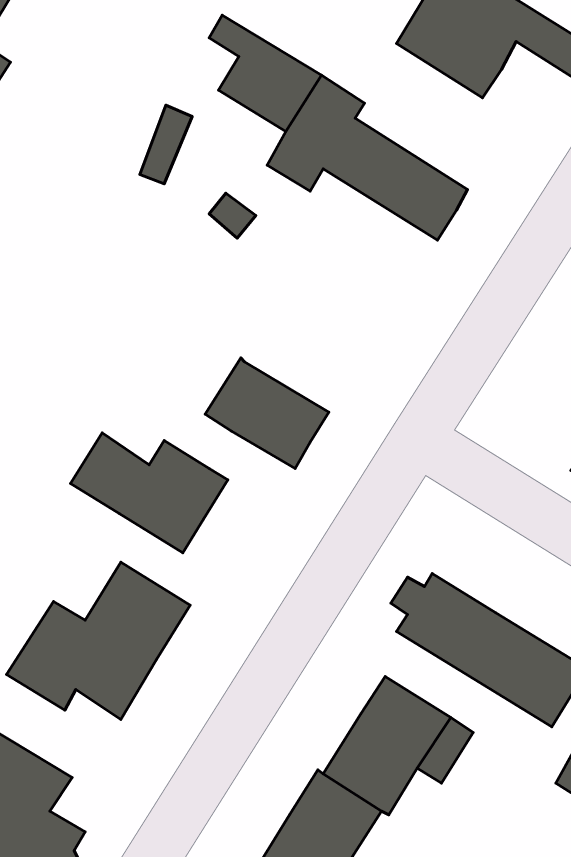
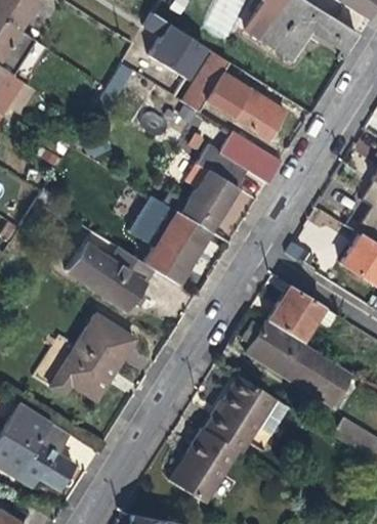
building: none -> [164,133,283,232]
building: none -> [144,243,192,283]
building: none -> [266,286,324,342]

